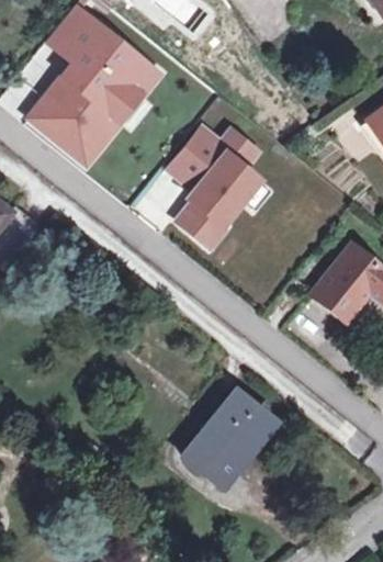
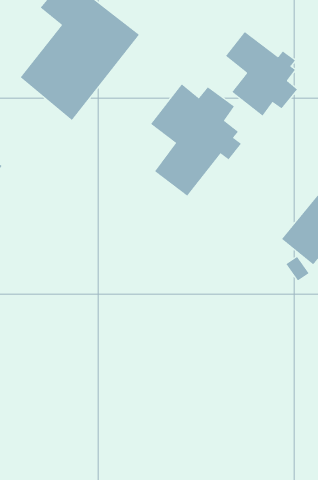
building: none -> [225,31,298,116]
building: [178,387,270,484] -> none

